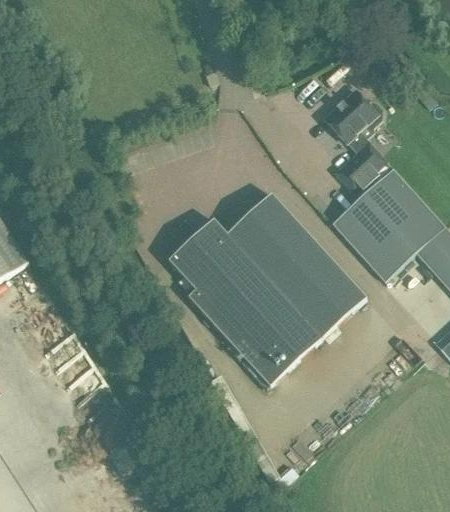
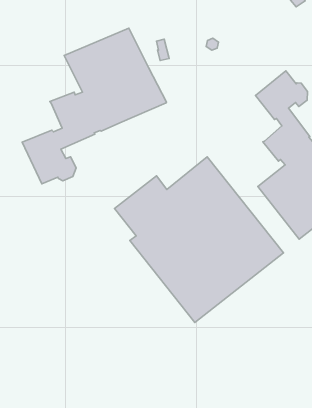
building: none -> [22,28,166,184]

